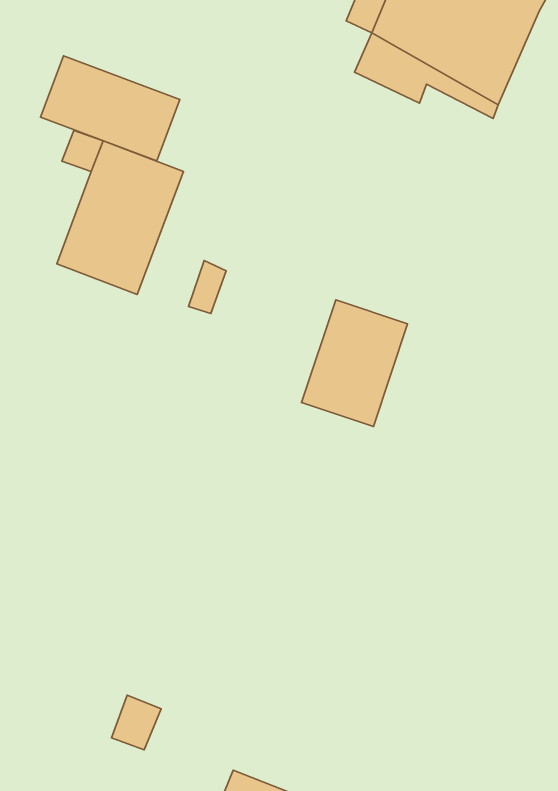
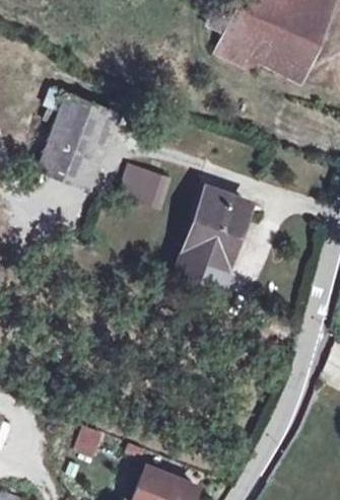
building: [41,56,180,161] -> none
building: none -> [131,171,167,206]
building: none -> [178,249,227,286]

